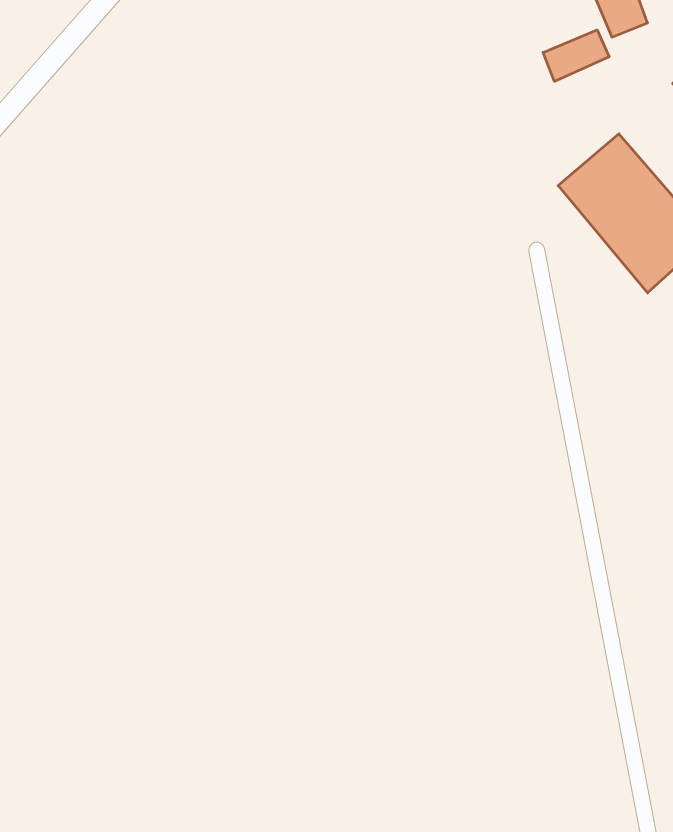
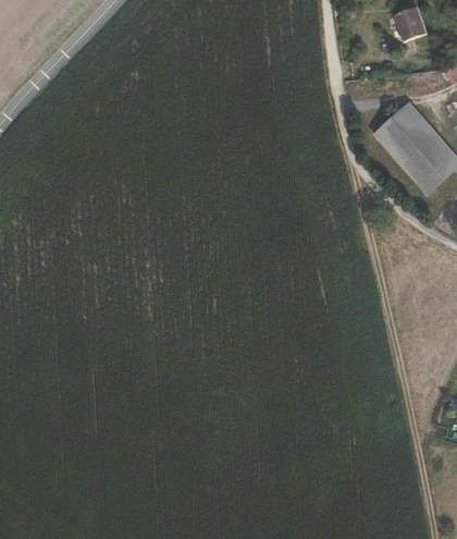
building: [543,30,609,81] -> none

